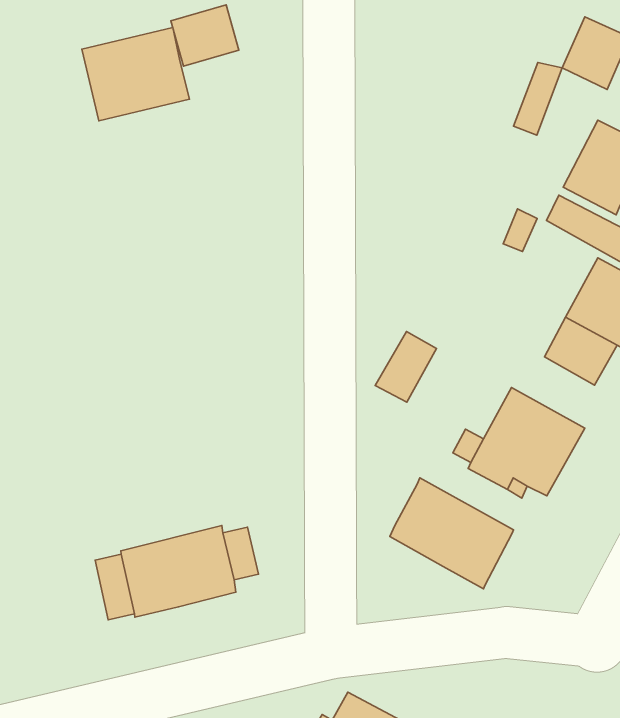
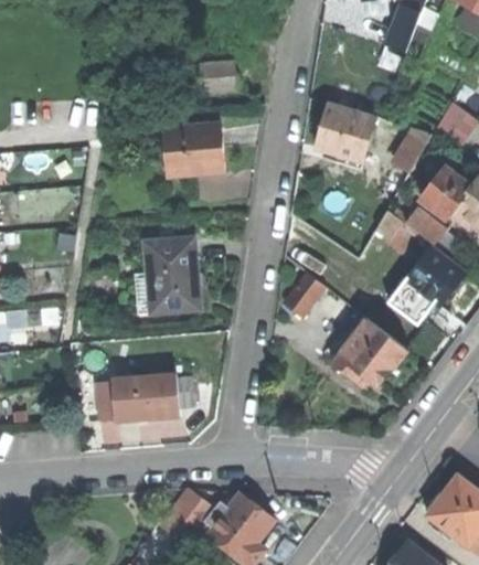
building: [82,27,189,121] -> [161,124,222,173]
building: none -> [315,102,375,164]
building: none -> [134,238,195,312]
building: [390,478,514,589] -> none

